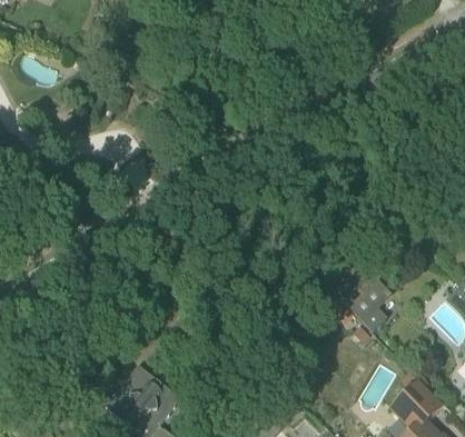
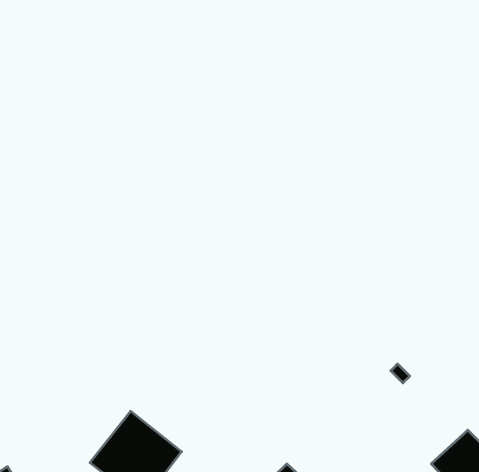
building: [348,281,392,334] -> none

